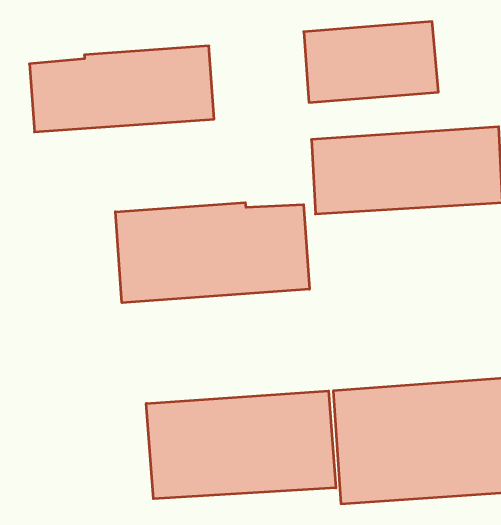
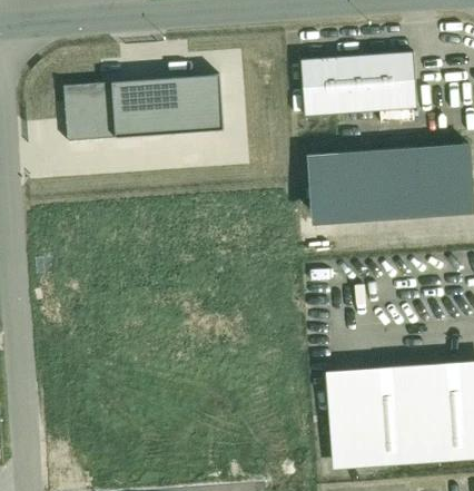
building: [115,203,309,303] -> none
building: [146,391,336,499] -> none

